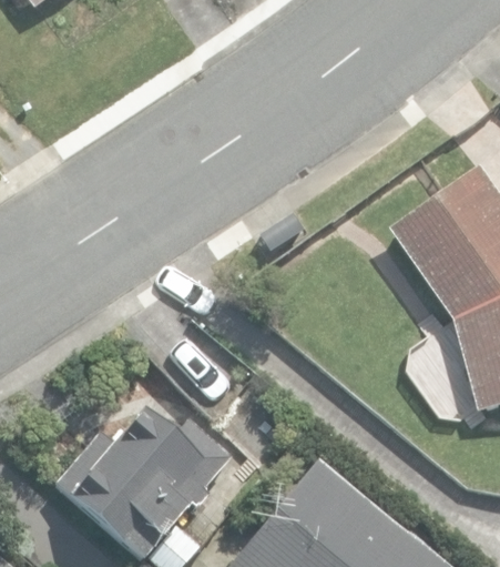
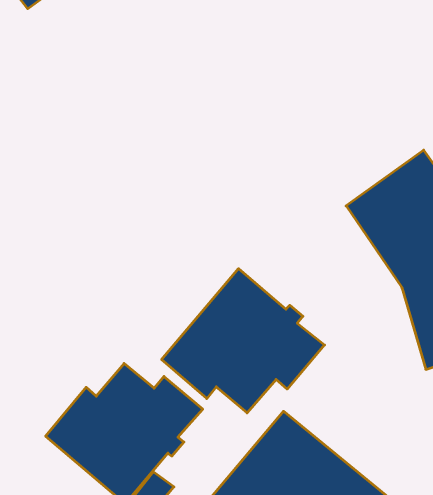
building: none -> [162,269,325,413]

